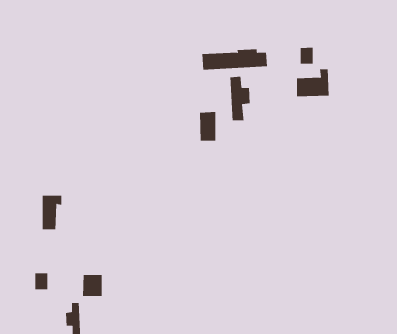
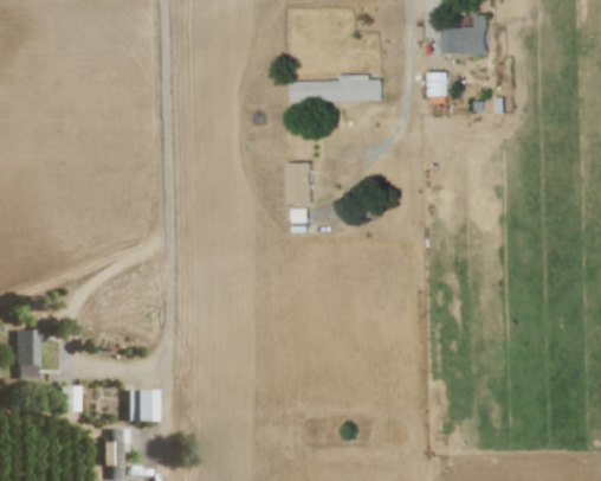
building: [296,69,329,97] -> [442,15,489,54]
building: [230,76,250,121] -> none
building: [42,195,62,230] -> [15,331,44,379]

